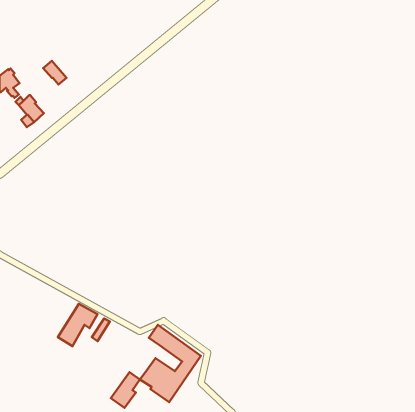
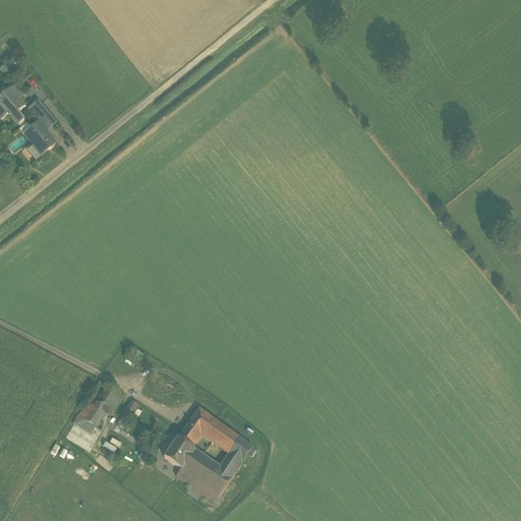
building: [43,61,67,84] -> [25,98,55,127]
building: [111,372,140,408] -> [163,422,199,467]

